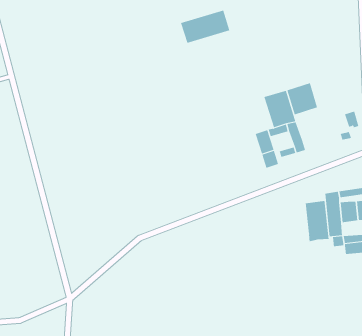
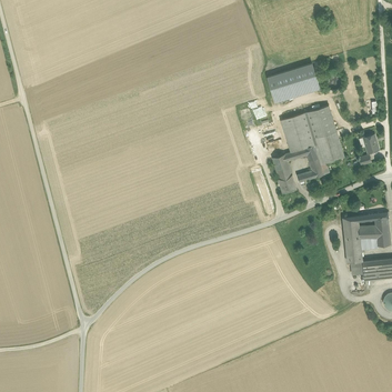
building: [180,10,230,43] -> [268,64,319,99]
building: none -> [312,131,344,164]
building: [305,200,329,242] -> none

